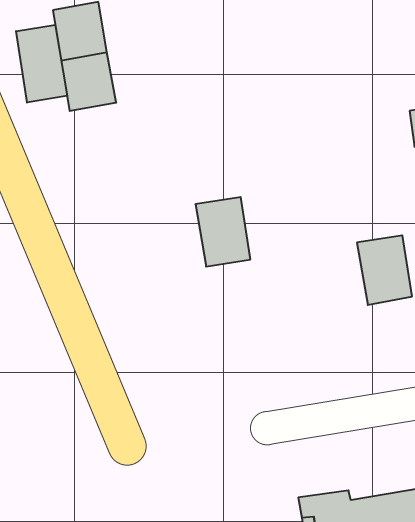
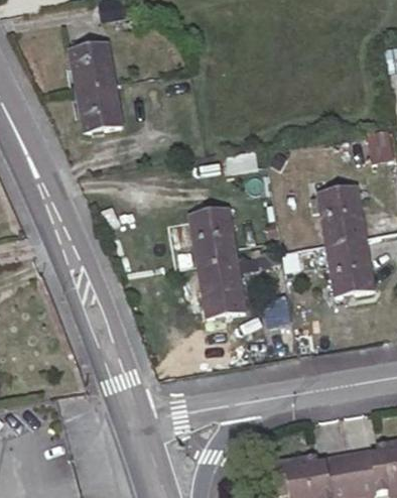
building: [16,25,67,103] -> none
building: none -> [316,183,363,243]
building: none -> [197,257,243,317]

